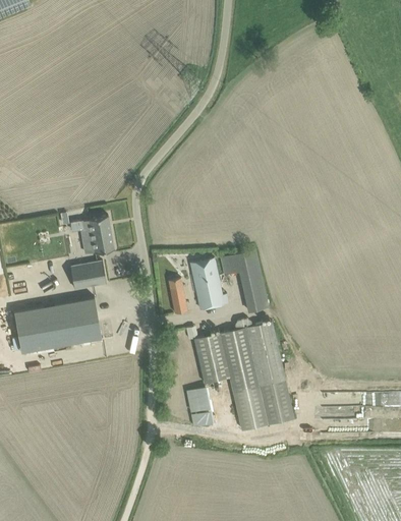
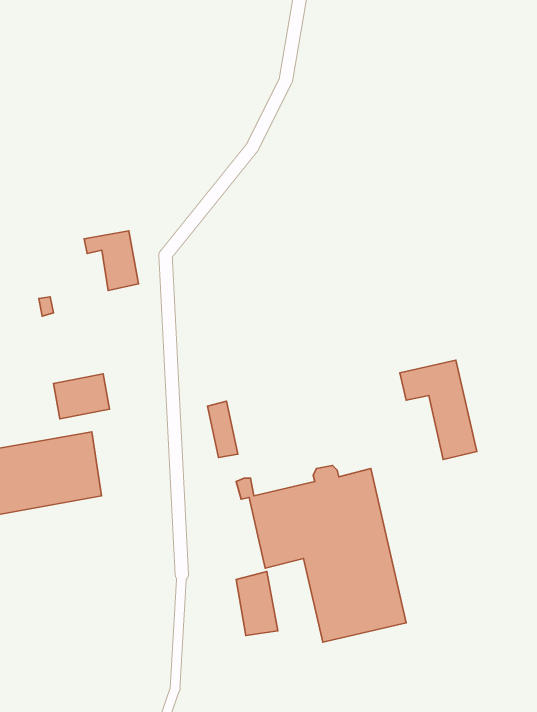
building: [79,216,114,253] -> [84,231,139,290]
building: [220,249,269,312] -> [400,360,477,460]
building: [190,258,229,309] -> none

